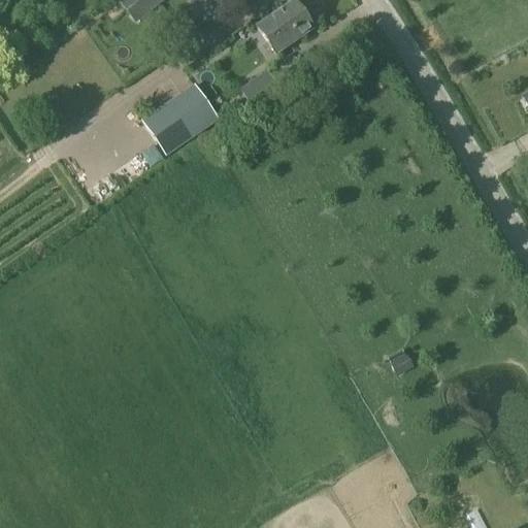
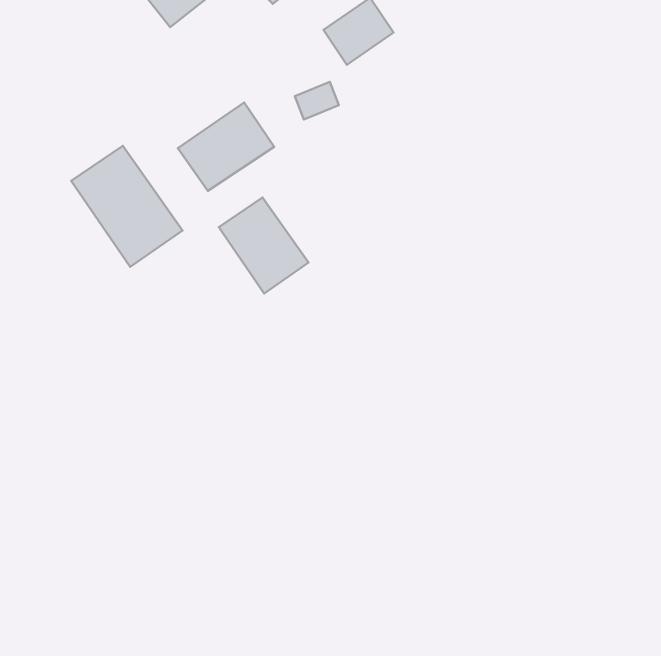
building: none -> [71,146,183,267]
building: none -> [219,198,308,293]

